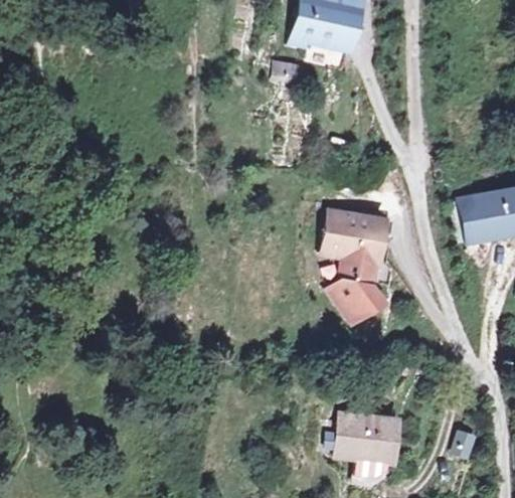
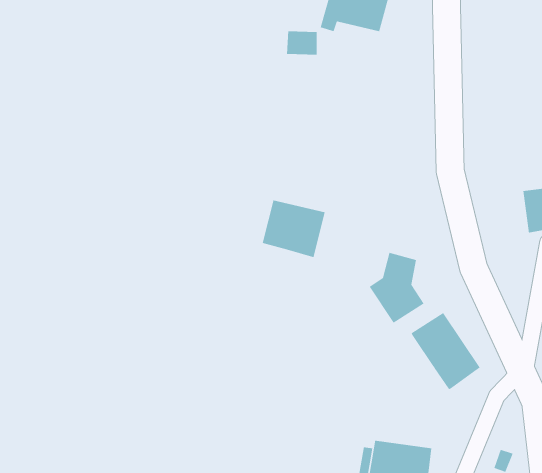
building: [332,206,389,259] -> [262,200,325,258]
building: none -> [411,312,480,390]

